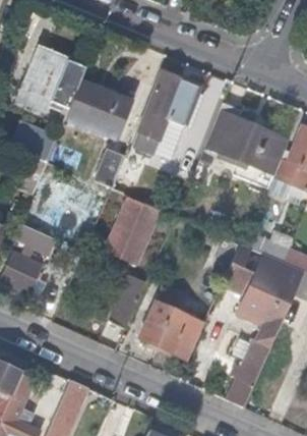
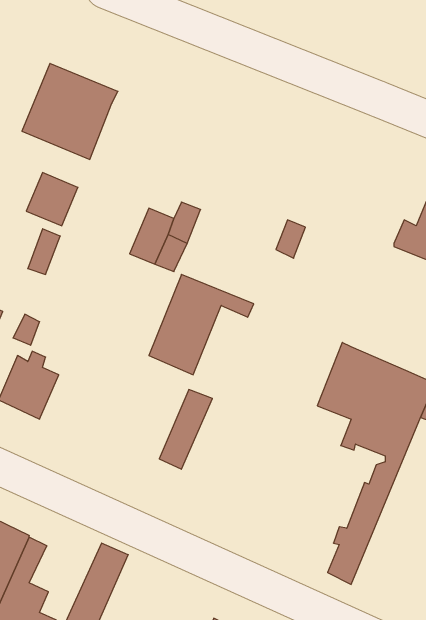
building: [129,72,197,157] -> none
building: [63,76,136,141] -> none
building: [205,101,288,173] -> none
building: [141,303,204,361] -> none

